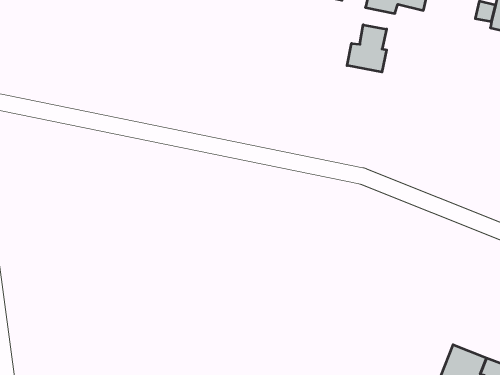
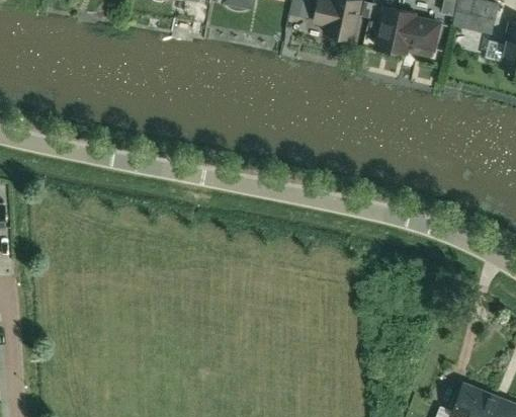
building: [347,25,387,72] -> none

